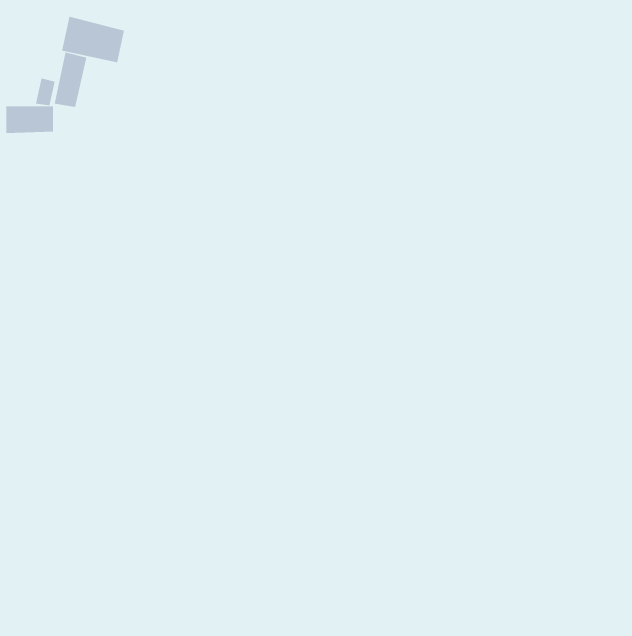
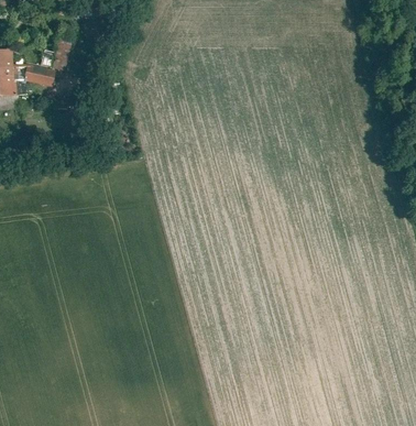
building: [62,16,125,63] -> none

